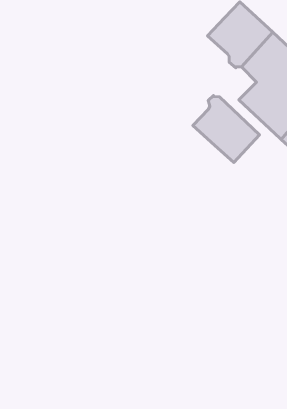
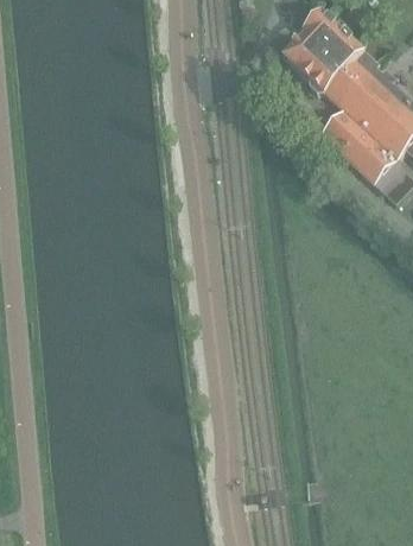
building: [193,95,260,163] -> none

